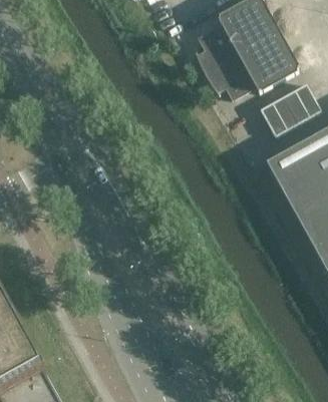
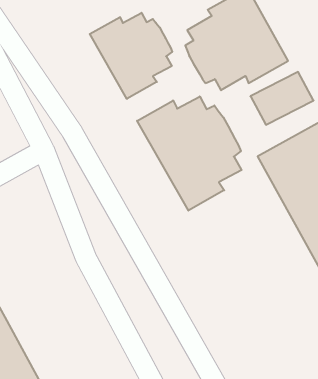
building: none -> [90,13,172,99]
building: none -> [137,96,242,211]

